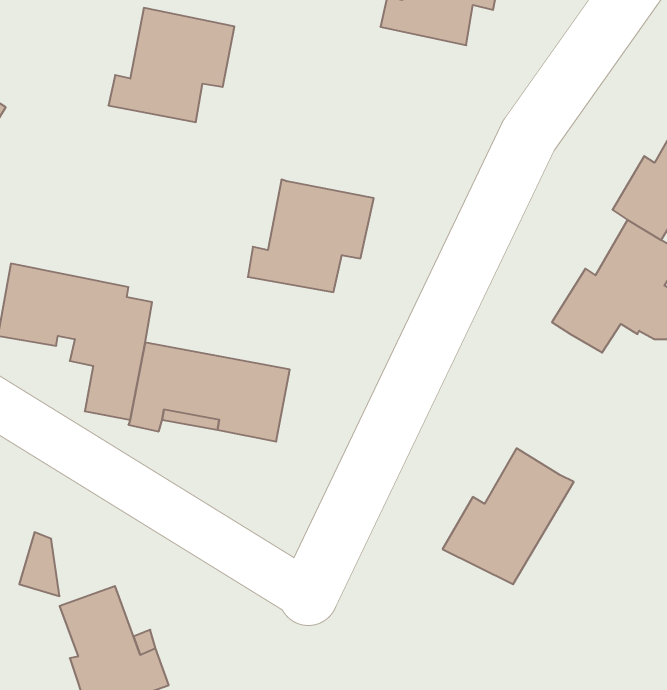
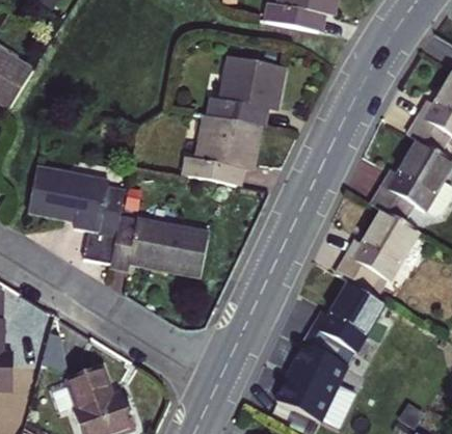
building: [108,8,234,122] -> [207,55,285,126]
building: none -> [336,210,418,297]
building: none -> [276,343,348,419]

